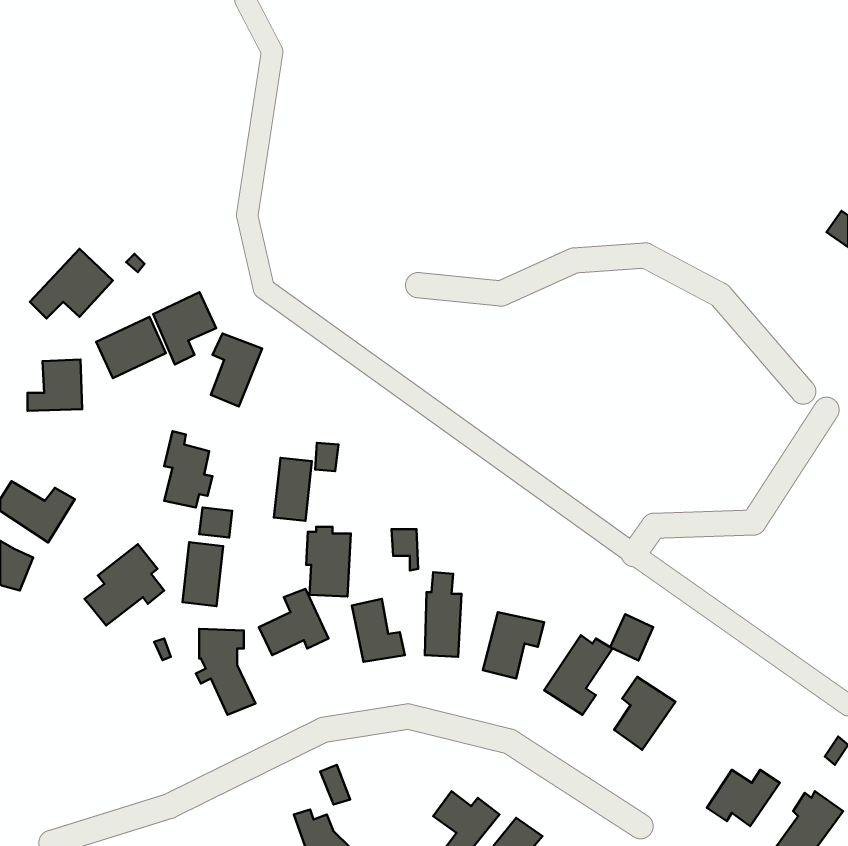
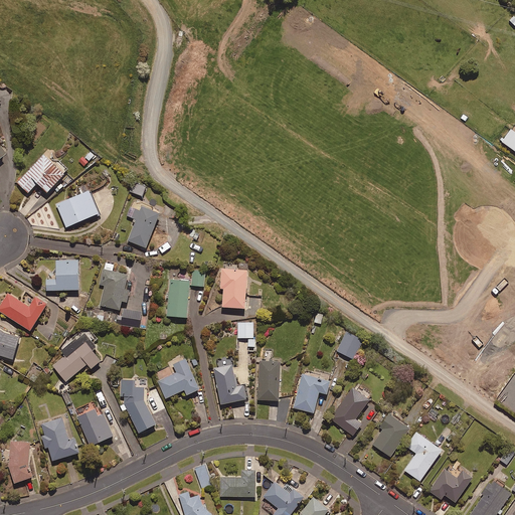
building: [153,292,216,364] -> none
building: [27,360,82,411] -> [45,259,78,290]
building: [306,527,351,596] -> [219,265,246,307]
building: [182,542,223,606] -> none
building: [610,614,653,660] -> [336,331,362,359]
building: none -> [78,411,114,448]
building: none -> [40,415,77,460]
building: none -> [403,432,441,481]
building: none -> [7,441,30,482]
building: none -> [220,469,254,496]

